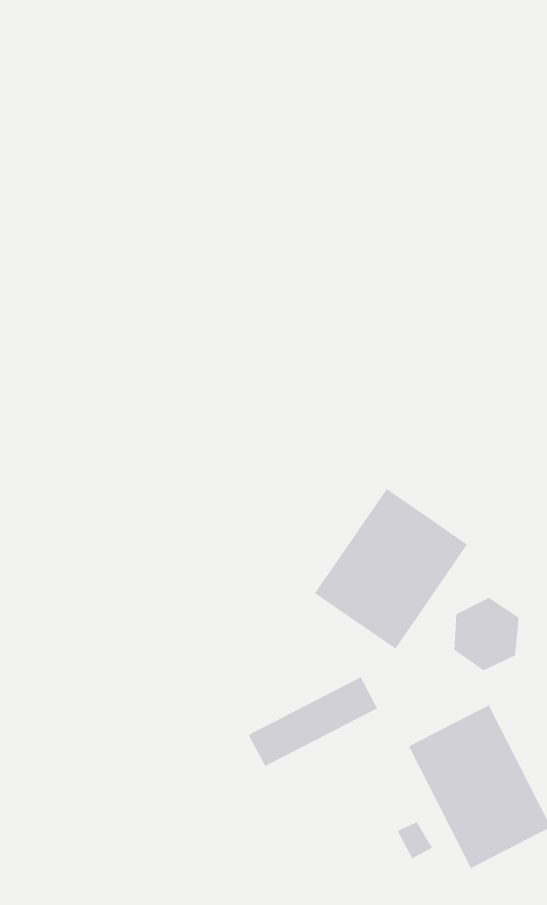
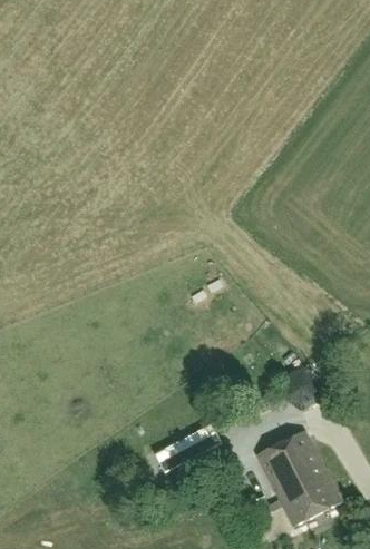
building: [314,488,468,650] -> none

